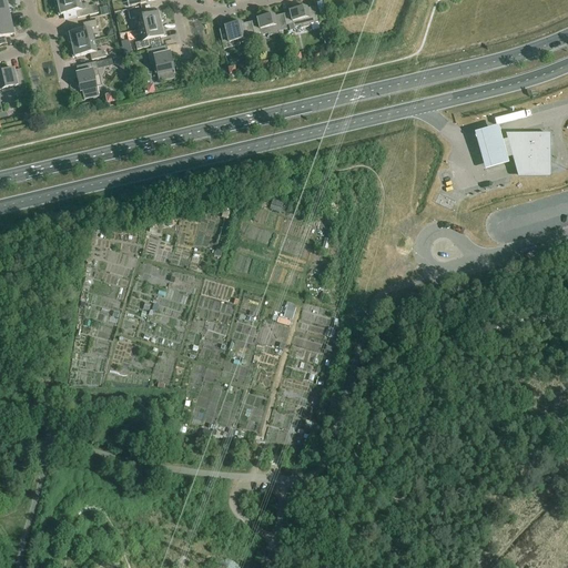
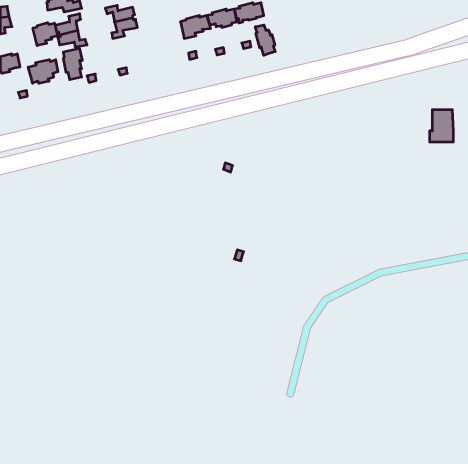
building: none -> [33,23,57,46]
building: none -> [255,25,275,55]
building: [148,43,174,79] -> none
building: none -> [28,60,58,83]
building: [475,123,524,172] -> none

